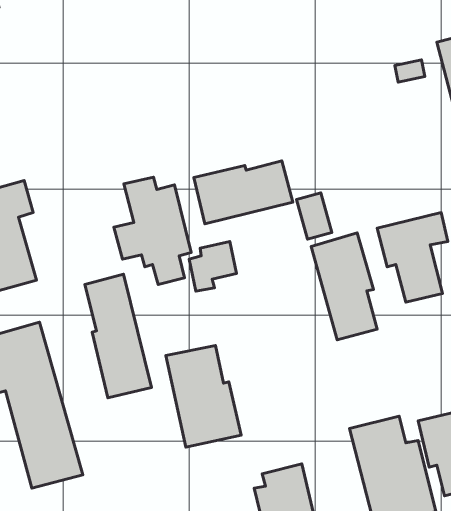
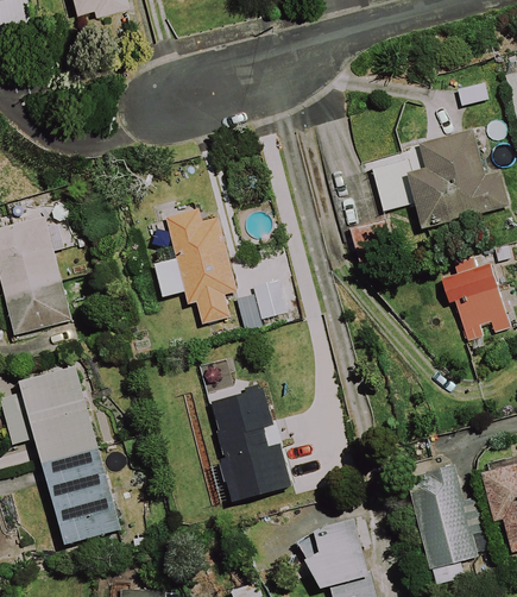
building: none -> [371,128,506,226]
building: [194,161,293,224] -> none
building: [311,233,377,340] -> none
building: [85,274,152,398] -> none

